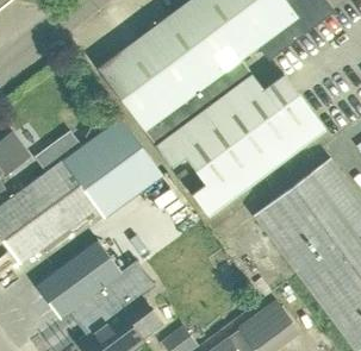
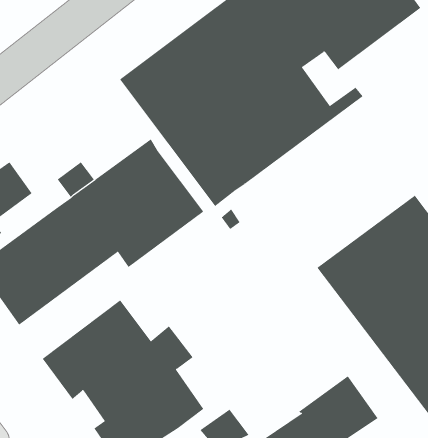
building: [188,81,324,217] -> none

